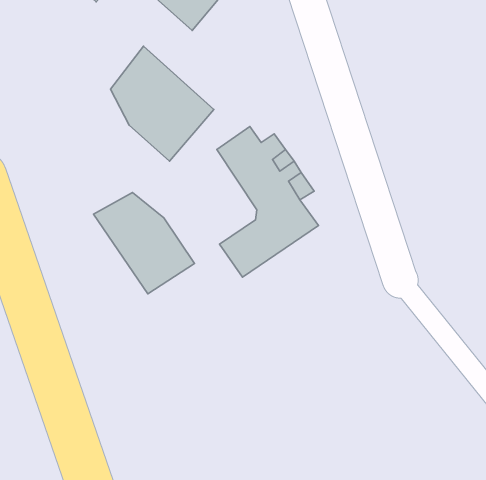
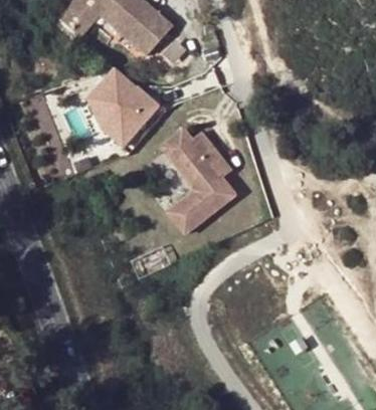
building: [94,193,195,294] -> none

